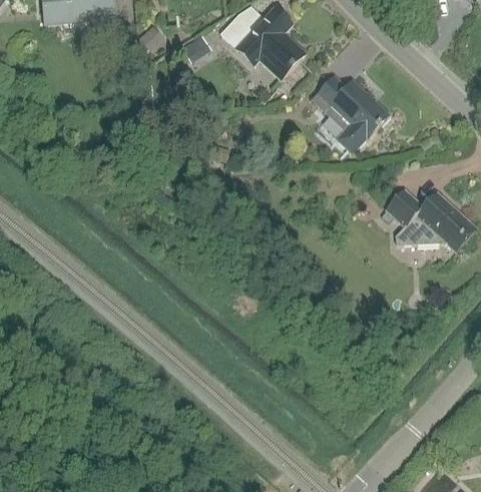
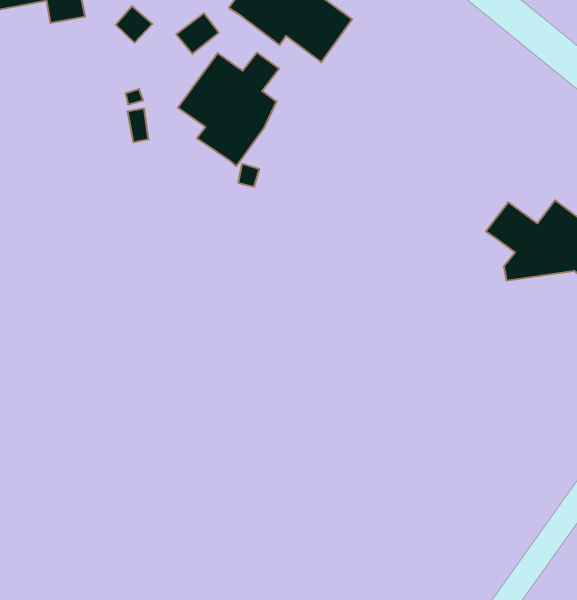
building: none -> [178,53,279,166]
building: [311,75,389,148] -> none

